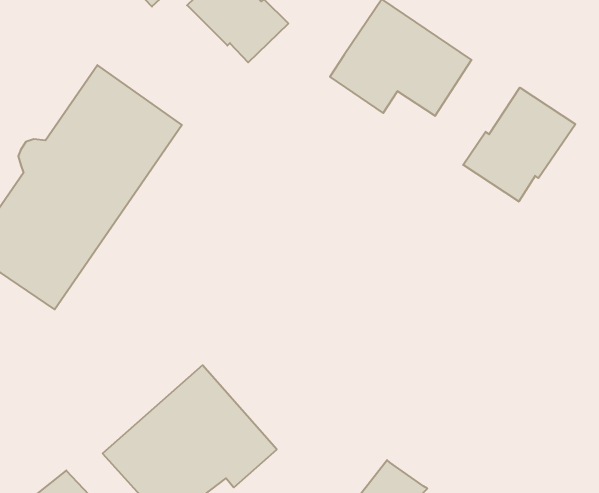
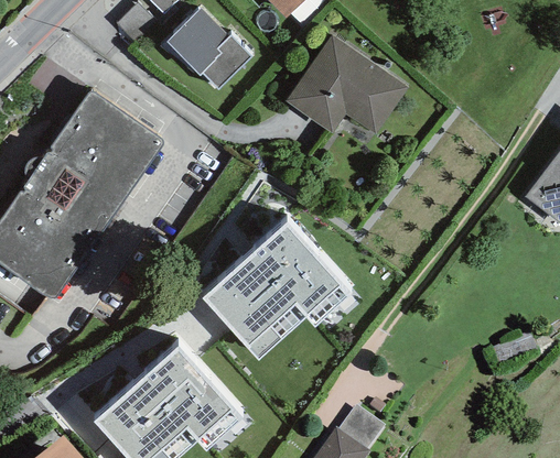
building: [463,88,575,202] -> none
building: none -> [202,221,349,359]
building: none -> [337,402,384,447]

